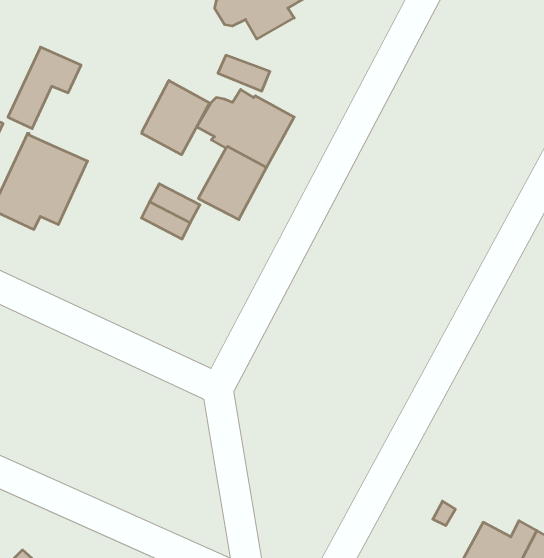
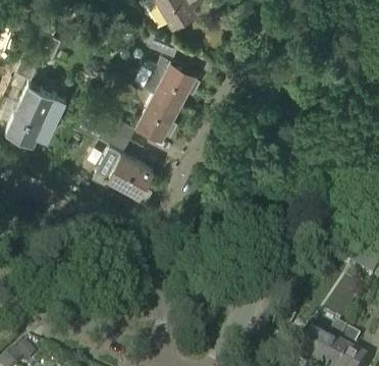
building: [142,80,210,155] -> none
building: none -> [97,150,153,198]

